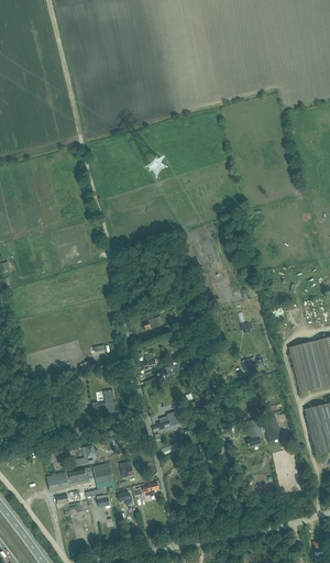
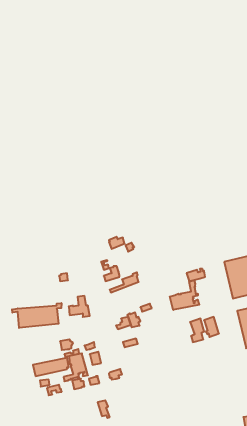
building: none -> [170,280,199,310]
building: none -> [12,303,61,328]

